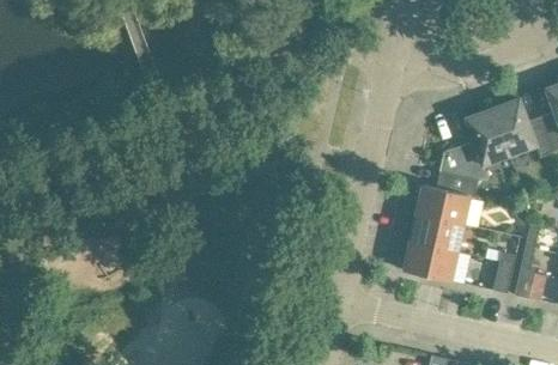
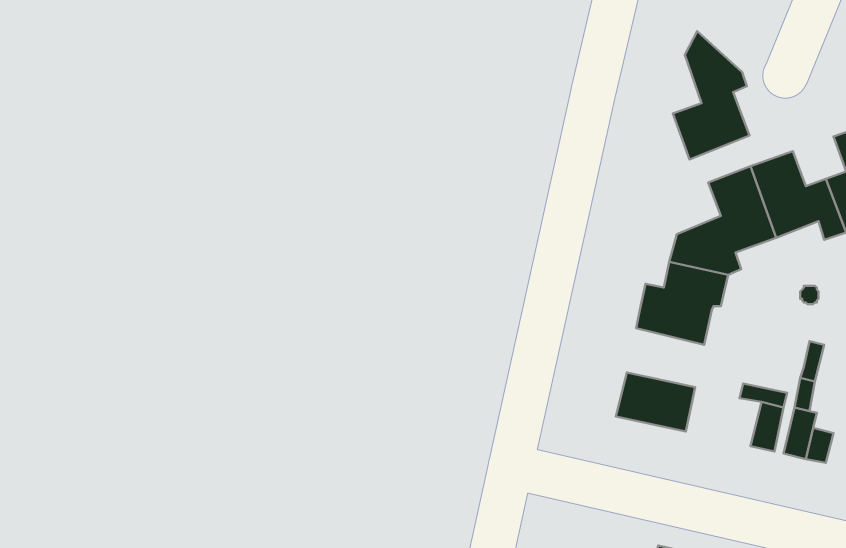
building: none -> [673,31,750,159]
building: [412,214,462,253] -> none

